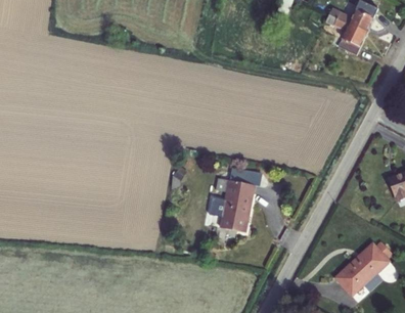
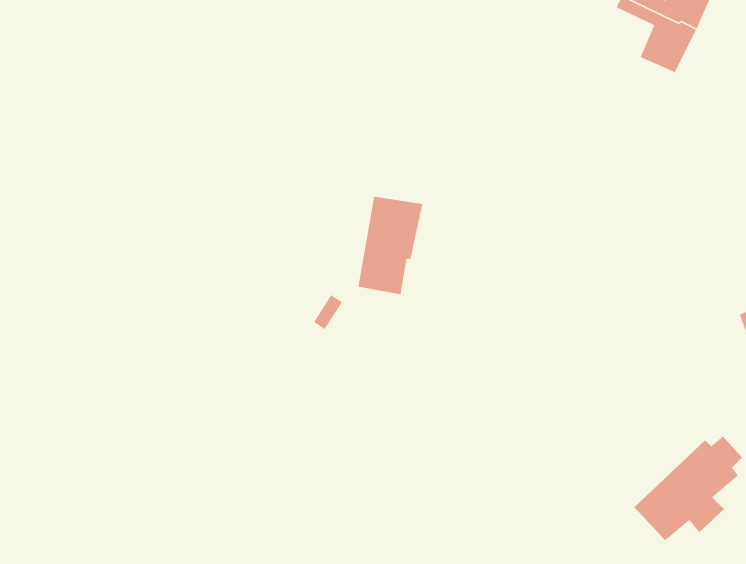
building: [220,179,254,230] -> [357,196,423,295]

